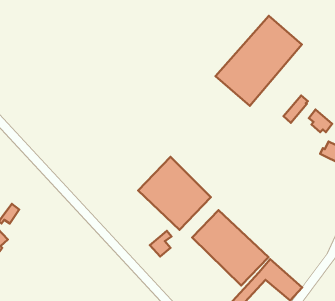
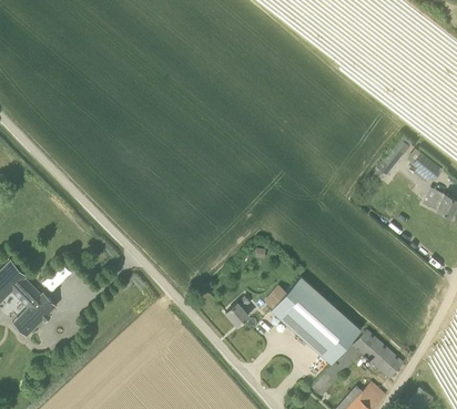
building: [215,16,302,106] -> none
building: [138,157,211,230] -> none

